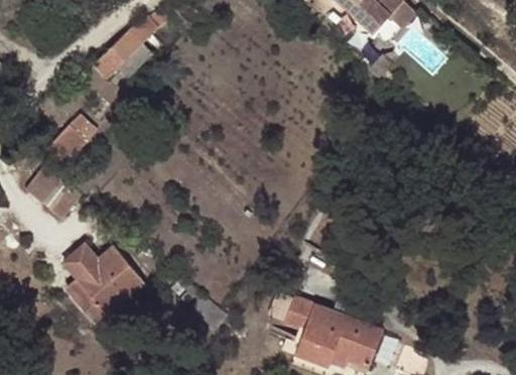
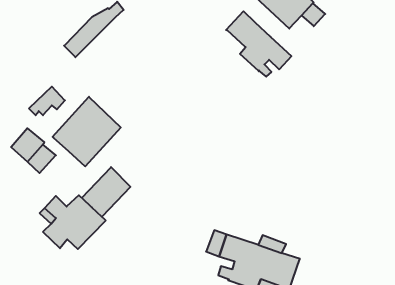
building: none -> [226,11,291,77]
building: none -> [53,97,121,166]
building: none -> [82,167,130,217]

